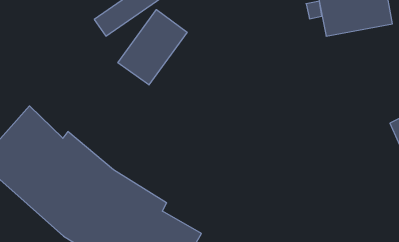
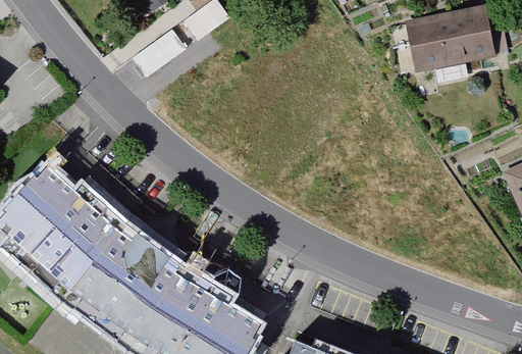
building: [118,10,187,85] -> none

